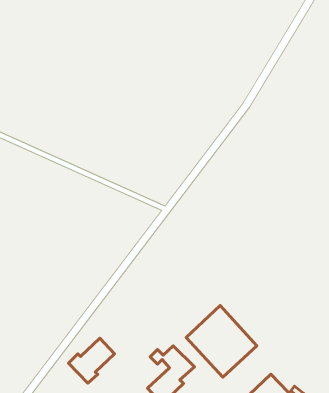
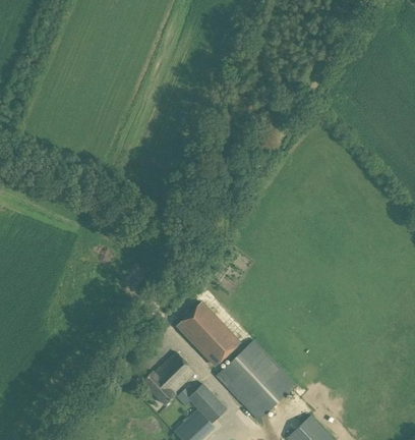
building: none -> [176,303,240,367]
building: [68,338,114,383] -> [143,354,194,404]

